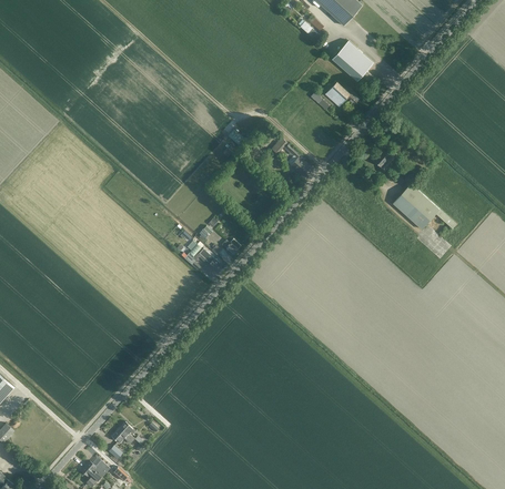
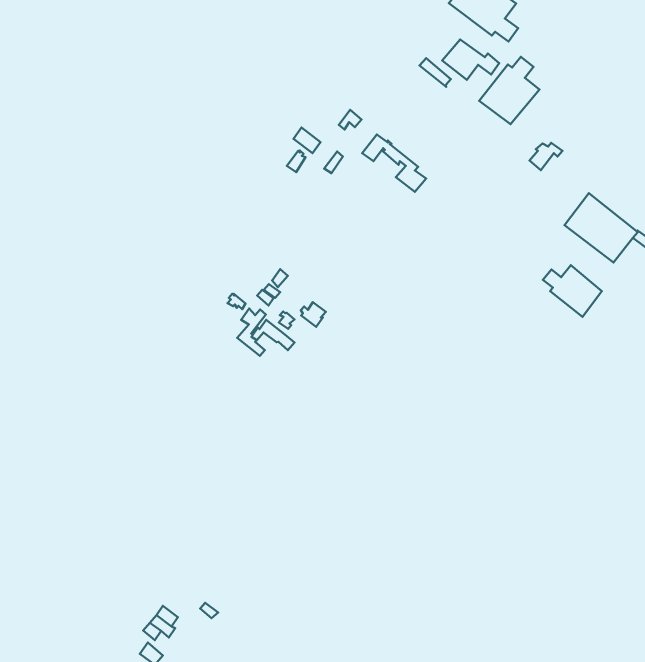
building: none -> [479,57,540,124]
building: none -> [543,265,602,317]

